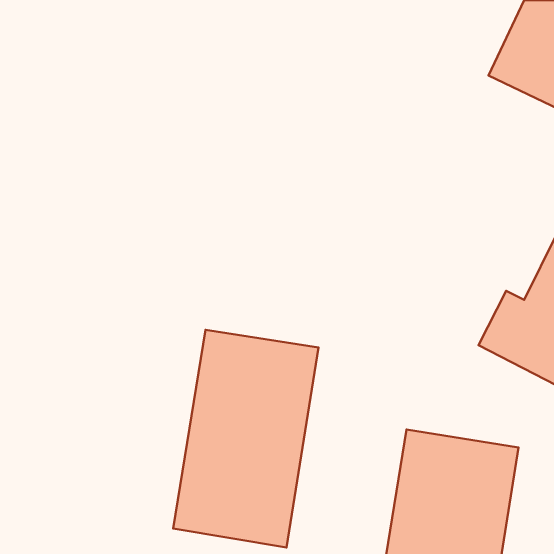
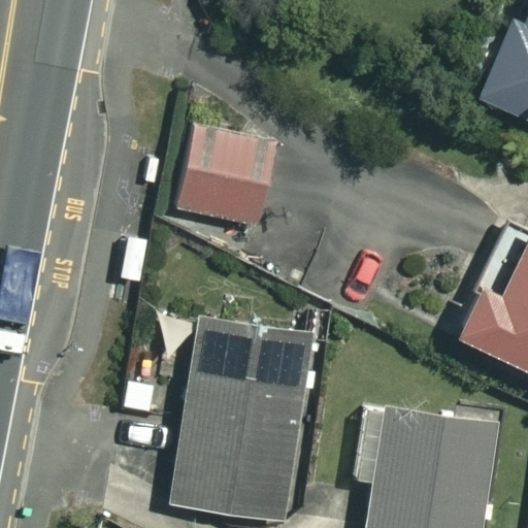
building: none -> [178,128,278,229]

